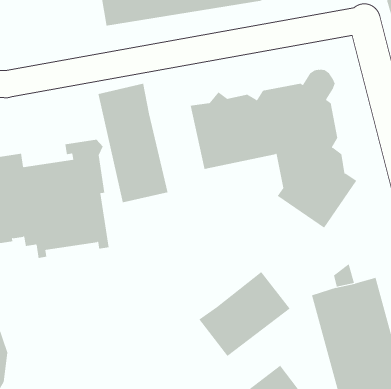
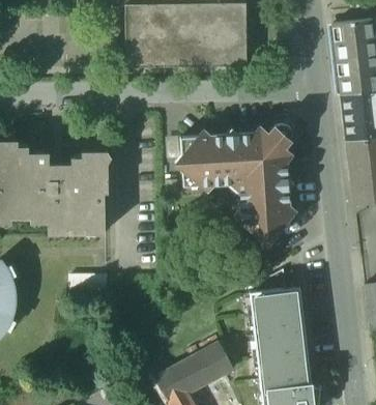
building: [98,83,168,203] -> none
building: [199,271,290,357] -> none

